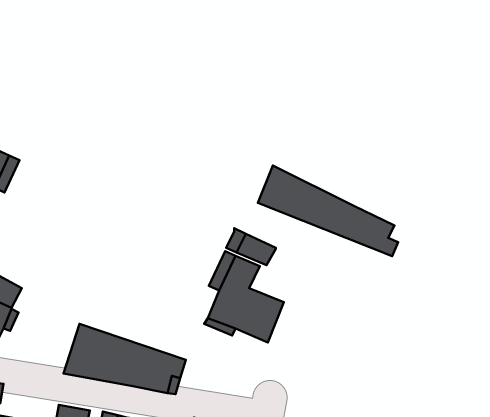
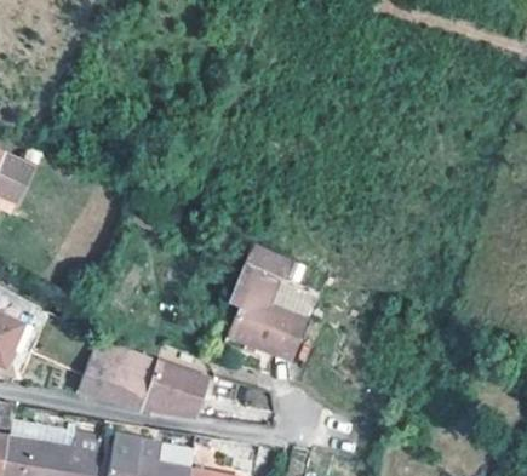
building: [258,165,398,256] -> none

